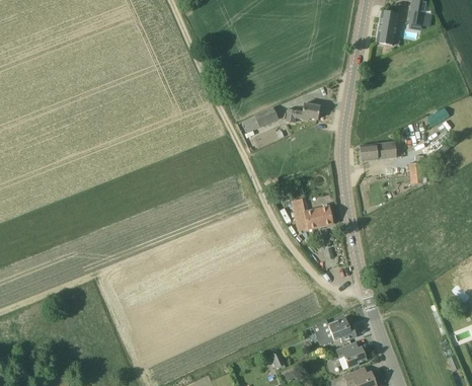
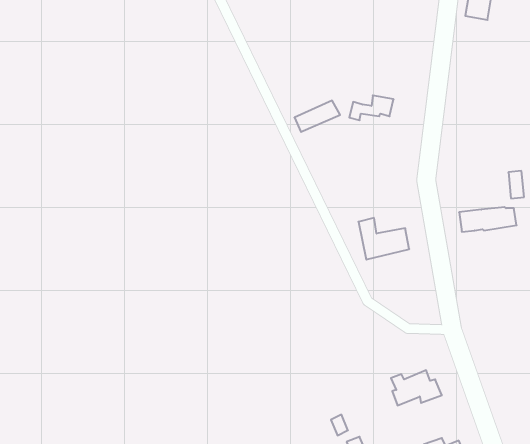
building: [359,142,403,161] -> [459,207,517,232]
building: [336,341,367,369] -> none

